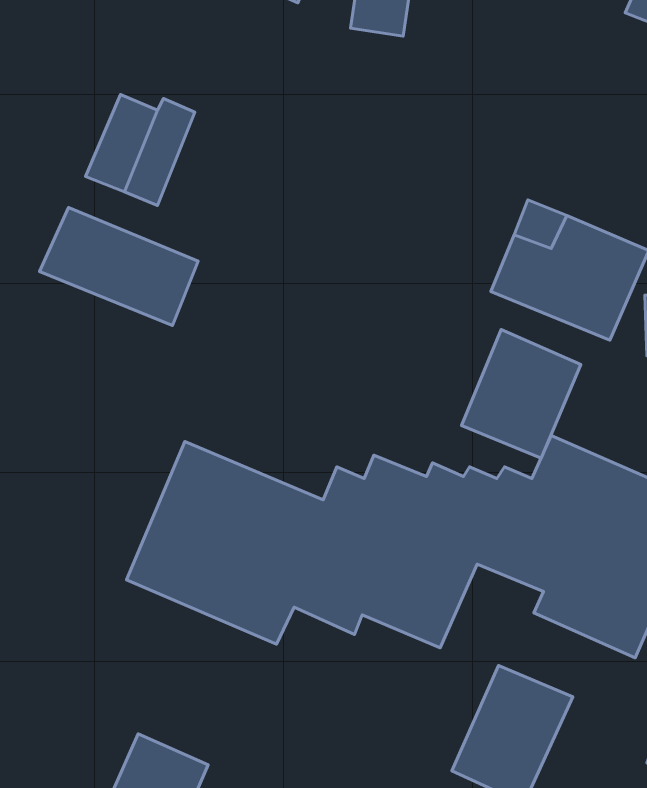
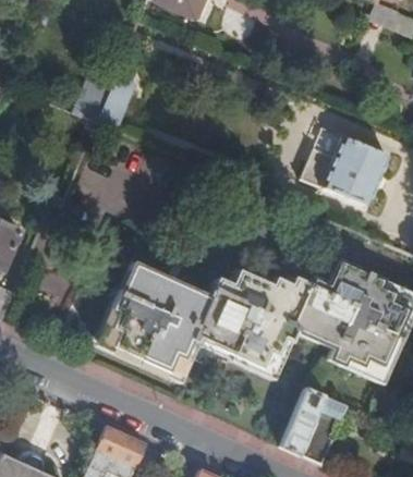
building: [40,208,198,325] -> none
building: [461,329,581,458] -> none

